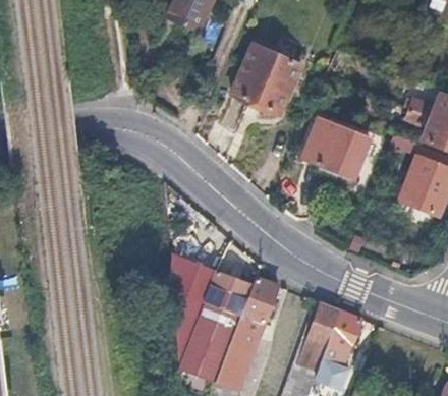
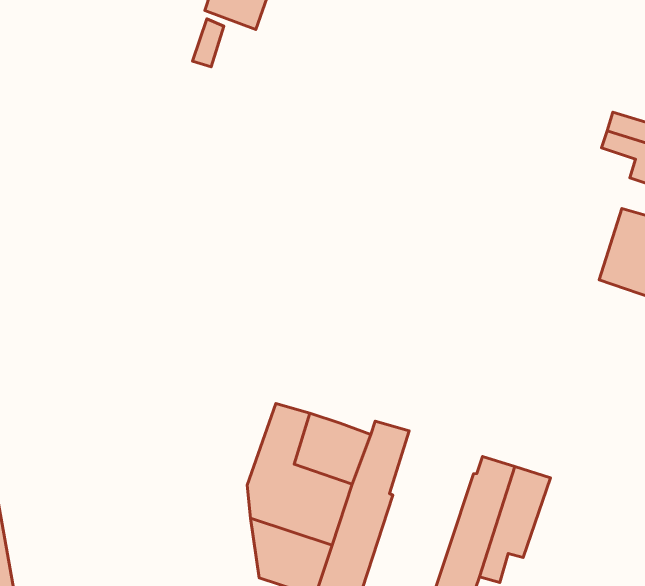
building: [231,44,300,114] -> none
building: [303,118,368,181] -> none
building: [169,253,197,312] -> none

